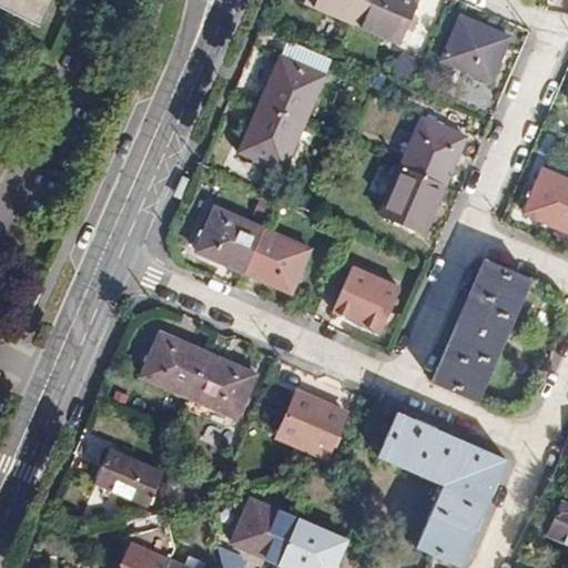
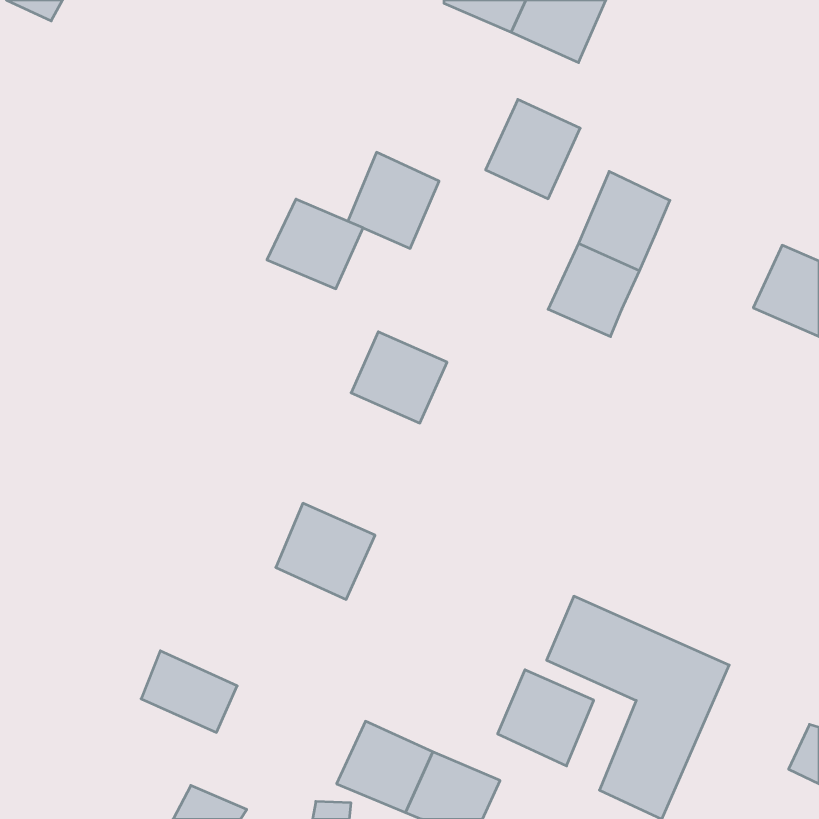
building: [440,18,508,82] -> none
building: [261,57,326,125] -> [486,99,580,199]
building: [195,210,262,272] -> [267,199,363,289]
building: [429,263,527,400] -> none
building: [332,268,397,332] -> none
building: [144,328,210,393] -> none
building: [281,388,347,455] -> [498,670,594,766]

